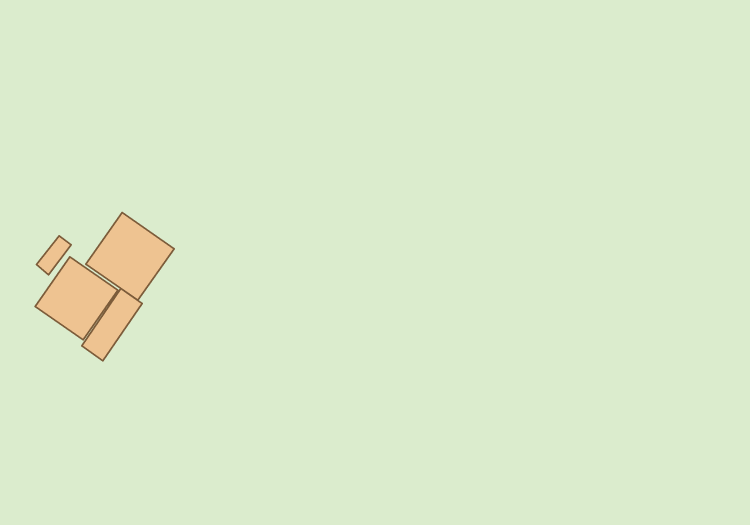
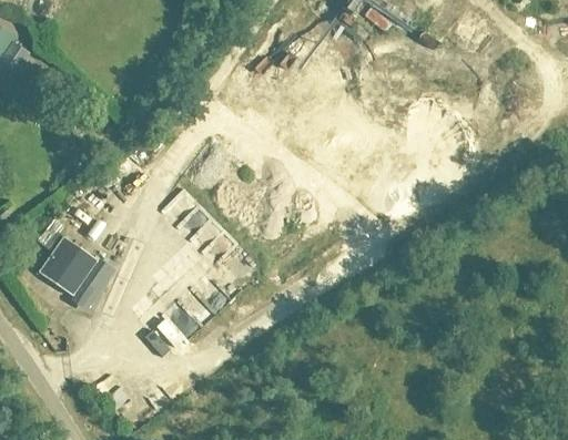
building: [86,213,174,300] -> none

